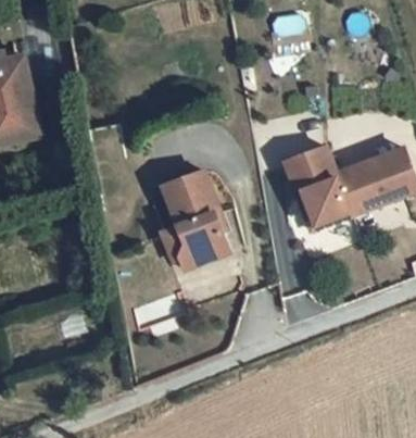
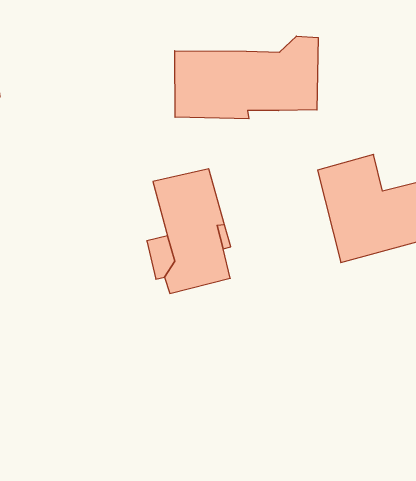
building: none -> [175,36,318,119]

